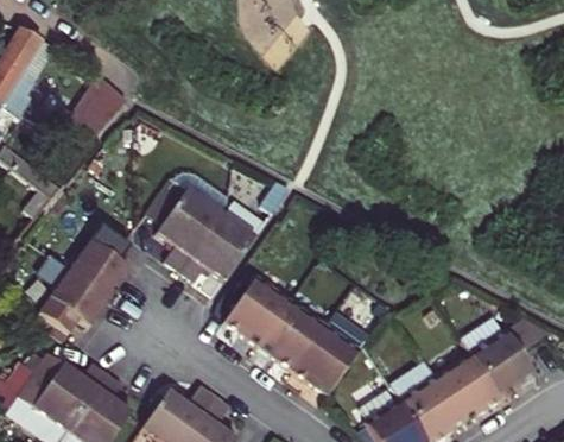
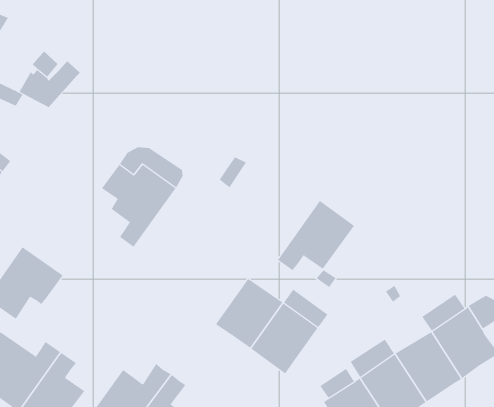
building: [178,214,254,283] -> [277,200,355,271]
building: [69,227,129,299] -> none
building: [223,277,290,347] -> none

